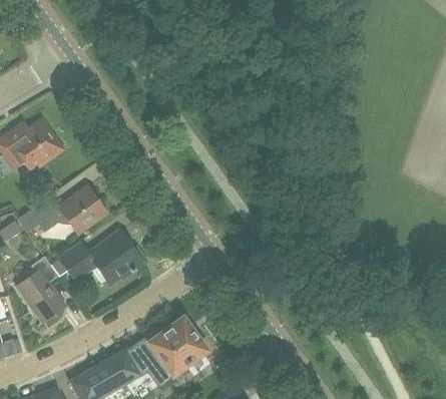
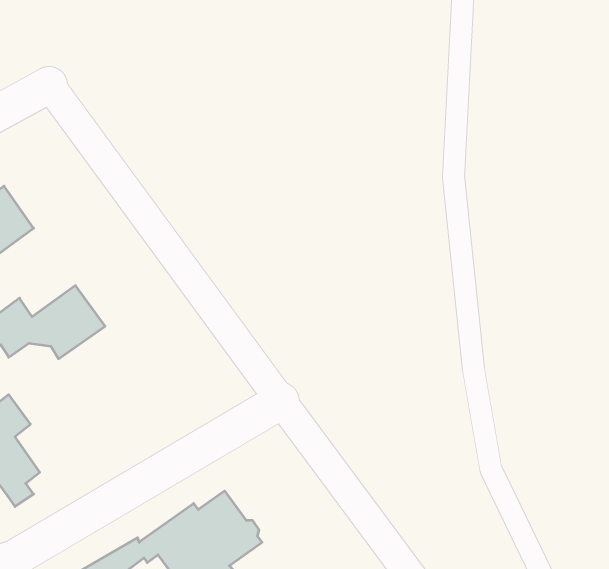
building: [59,230,144,282] -> none

